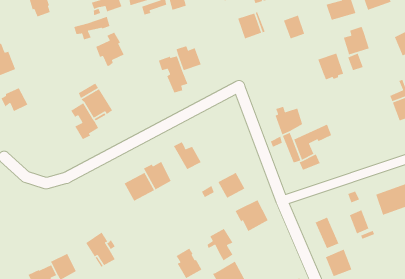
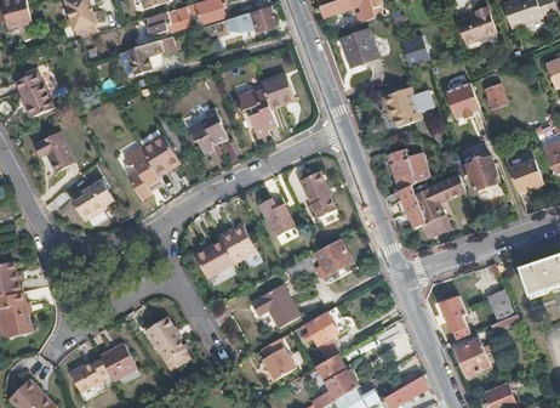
building: [343,26,370,56] -> none
building: [95,32,125,67] -> [188,104,227,151]
building: none -> [383,87,423,129]
building: none -> [465,158,498,192]
building: none -> [507,158,541,191]
building: none -> [298,171,336,219]
building: none -> [70,176,112,219]
building: [234,199,269,232] -> none
building: none -> [250,285,298,329]

